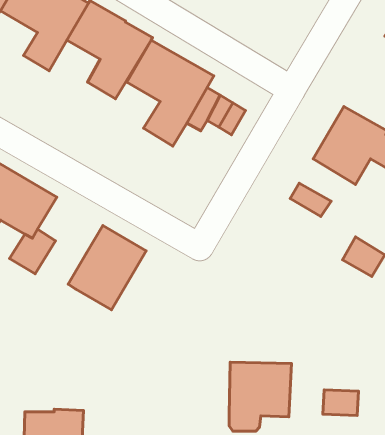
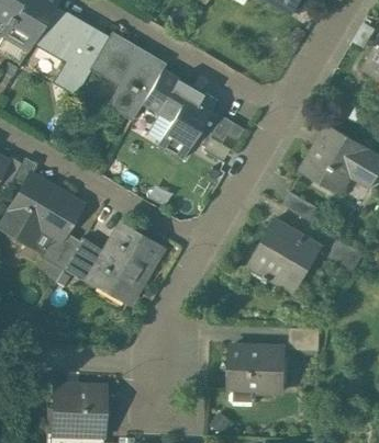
building: none -> [253,219,323,286]
building: none -> [63,238,107,288]
building: [323,390,359,416] -> [289,328,320,350]

